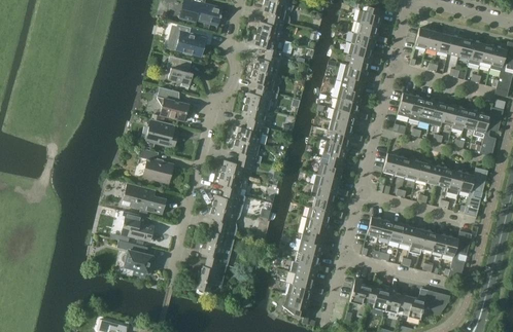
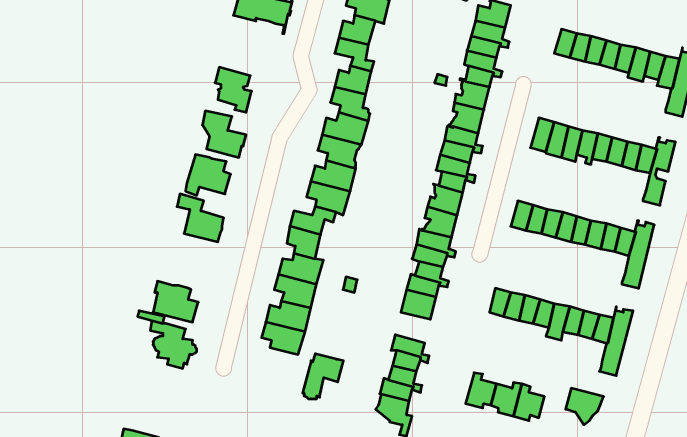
building: [171,25,206,57] -> none
building: [122,183,166,215] -> none
building: [298,234,323,257] -> none
building: [197,260,227,293] -> [303,354,343,399]
building: [402,288,426,320] -> none

